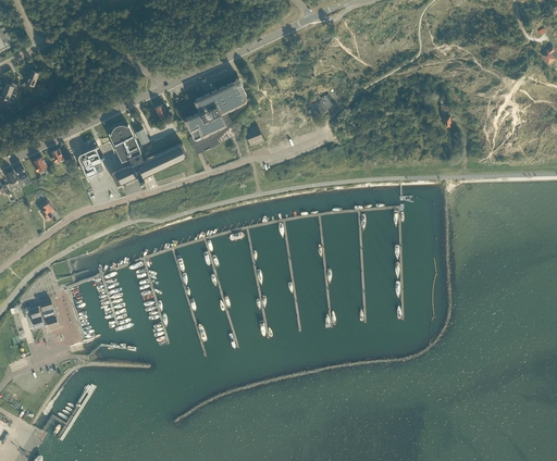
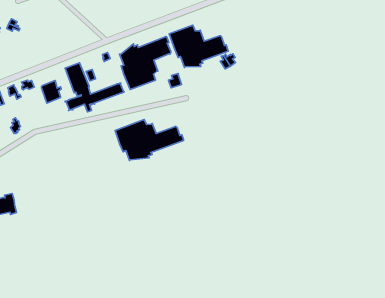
building: none -> [169,25,228,67]
building: none -> [115,119,183,161]

